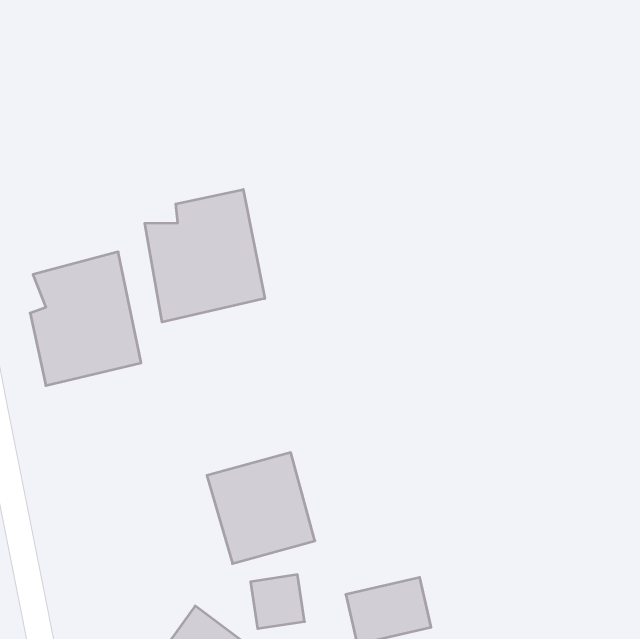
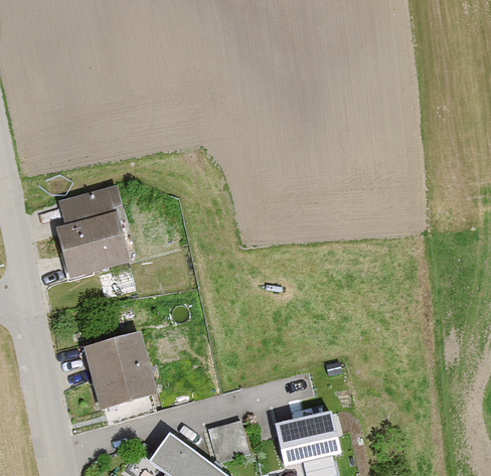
building: [145,189,265,322] -> none
building: [207,453,315,564] -> [81,331,158,410]

